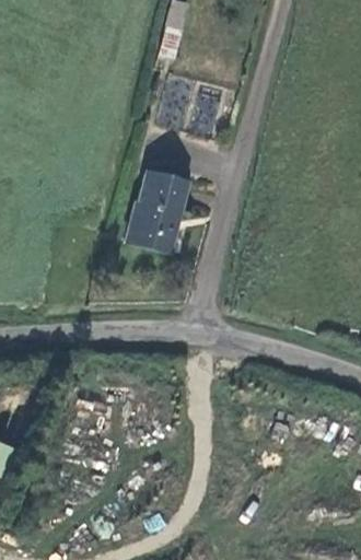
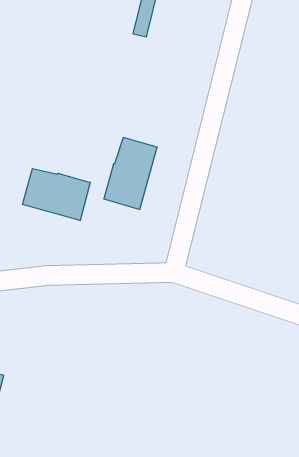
building: none -> [22,169,90,221]

